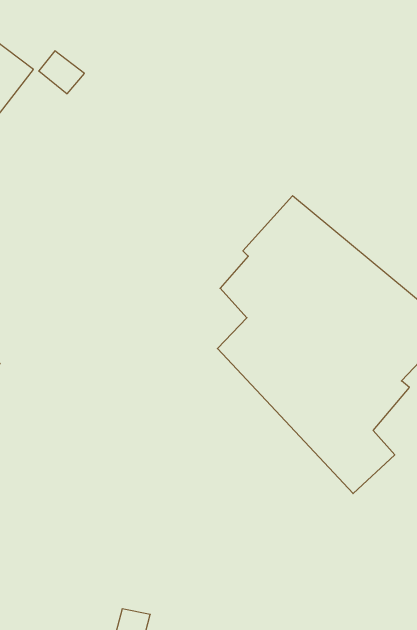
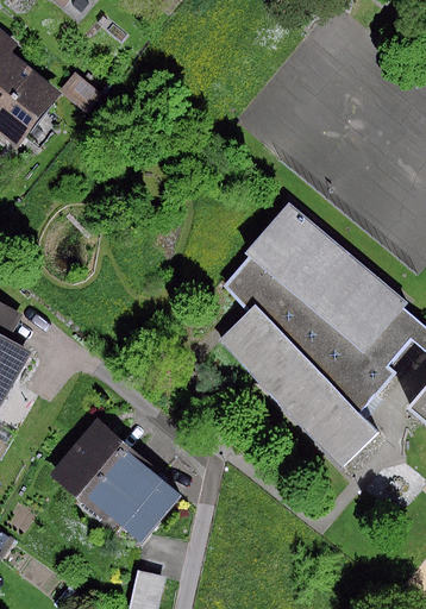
building: none -> [55,423,180,544]

